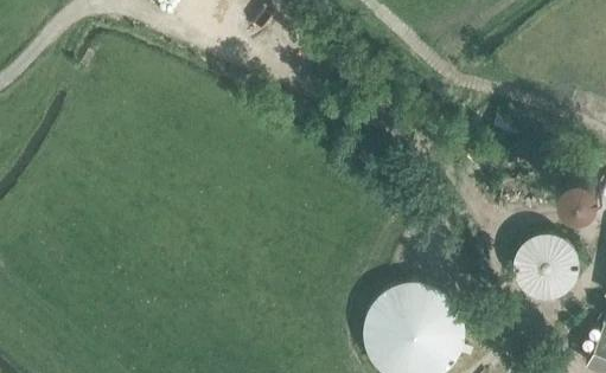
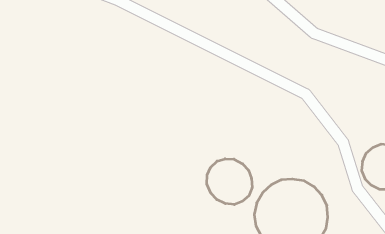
building: none -> [207,159,252,205]

